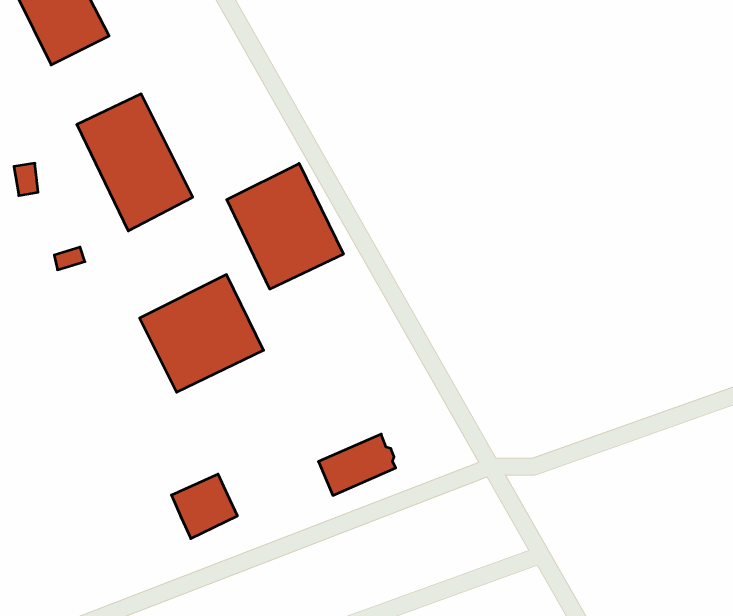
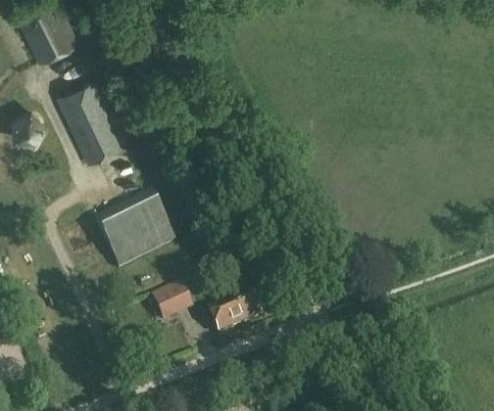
building: [227,163,343,289] -> none
building: [171,474,237,539] -> [151,281,193,322]

